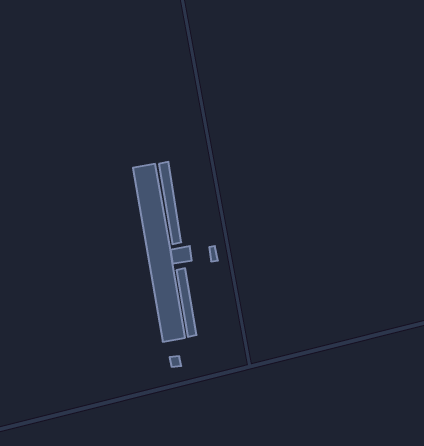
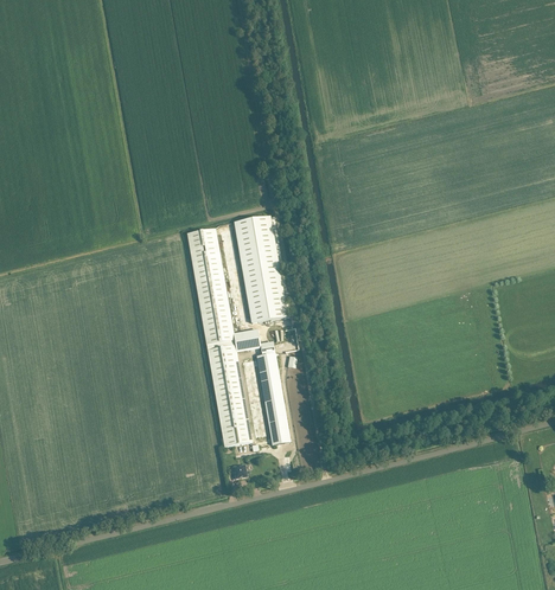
building: none -> [234,216,288,322]
building: none -> [257,353,291,444]

